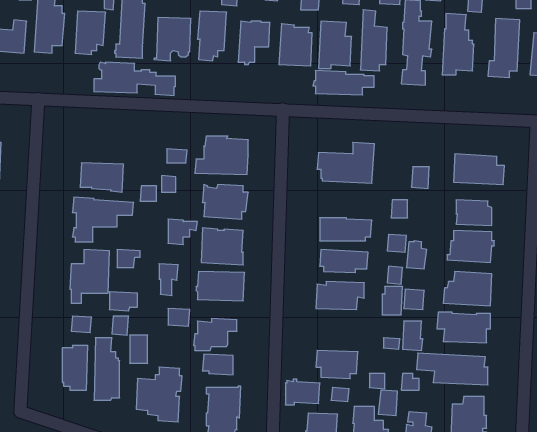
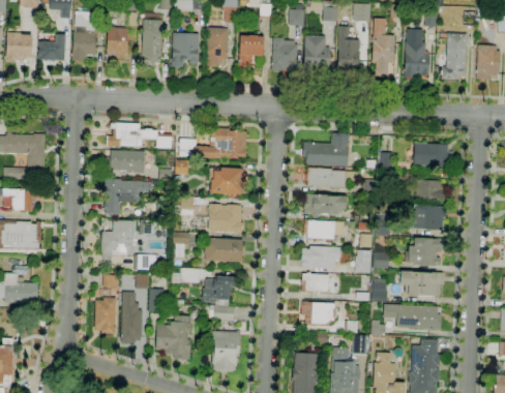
building: [94,62,175,95] -> [107,122,173,149]
building: [313,71,374,95] -> [305,168,355,187]
building: [285,379,320,405] -> [301,272,329,293]

